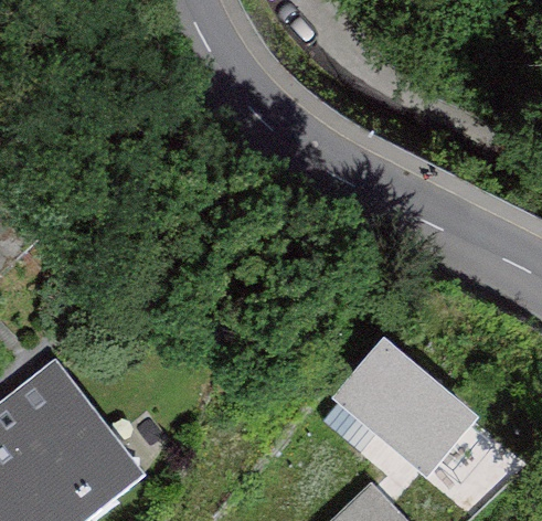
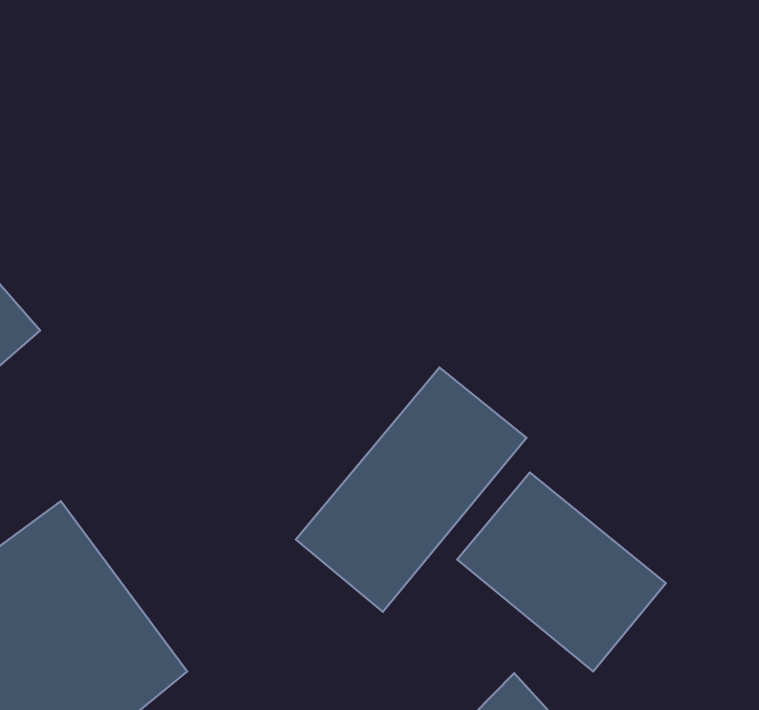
building: none -> [296,367,526,612]

